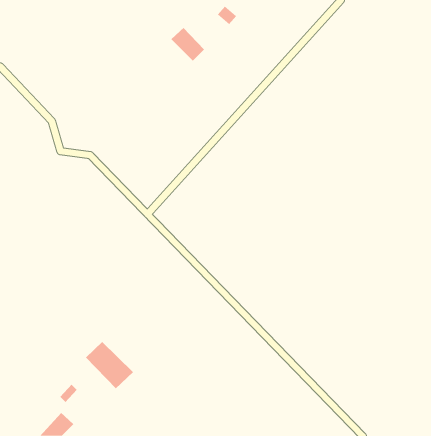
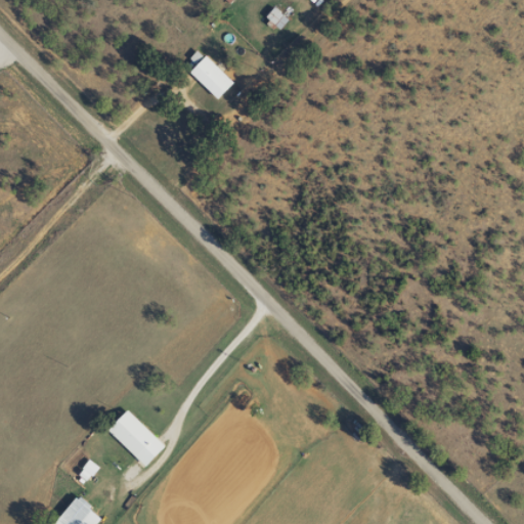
building: [171,27,205,61] -> [191,57,232,98]

